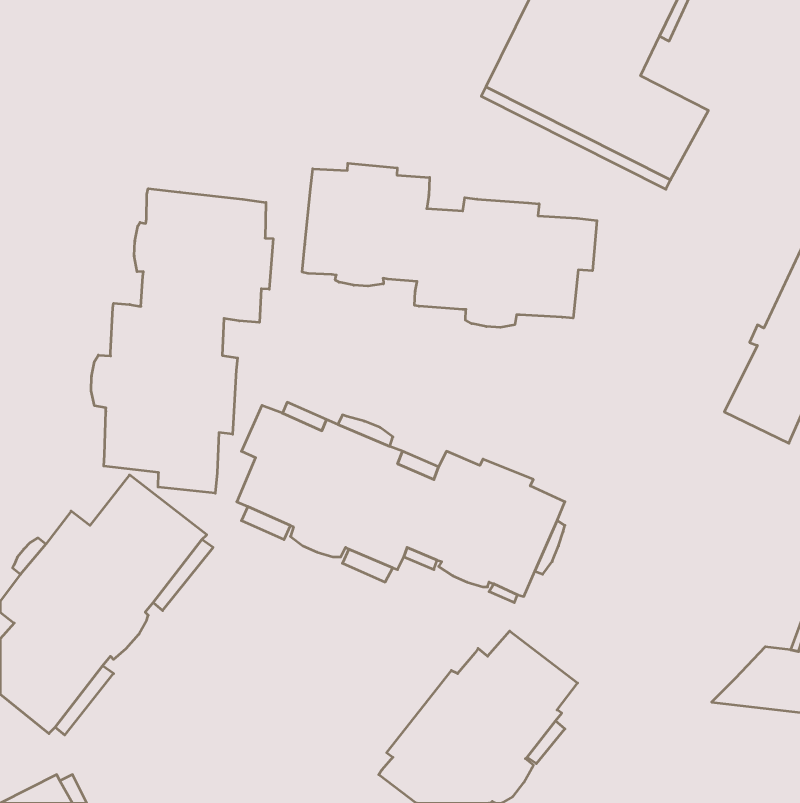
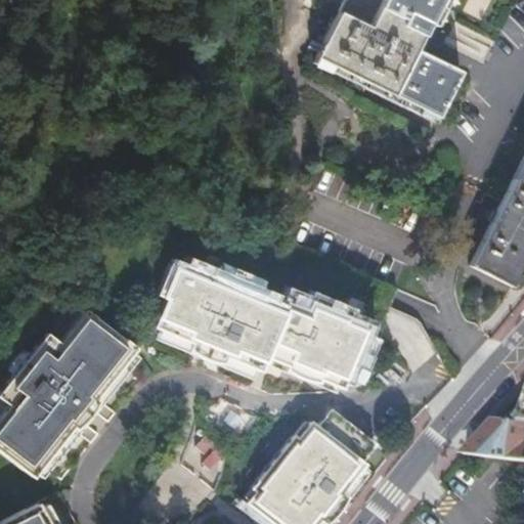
building: [302,163,597,327] -> none
building: [91,189,273,493] -> none

